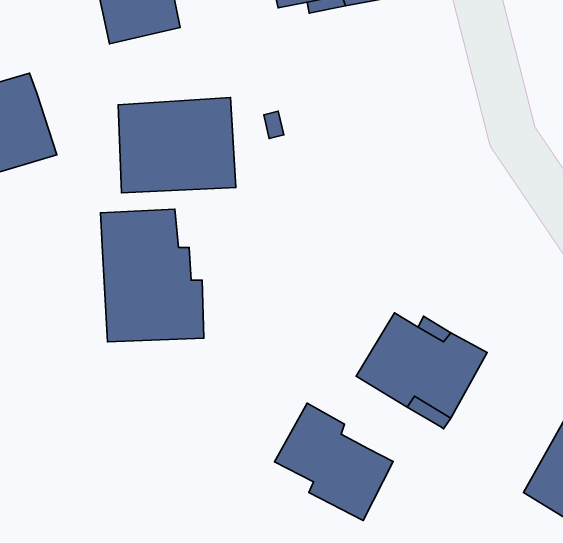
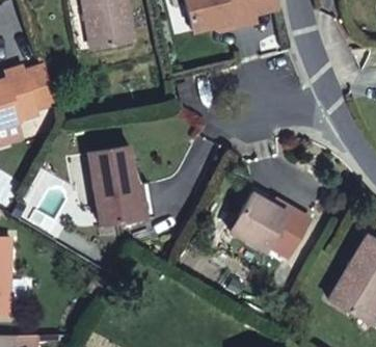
building: [118,98,236,193] -> none
building: [275,403,393,521] -> none

